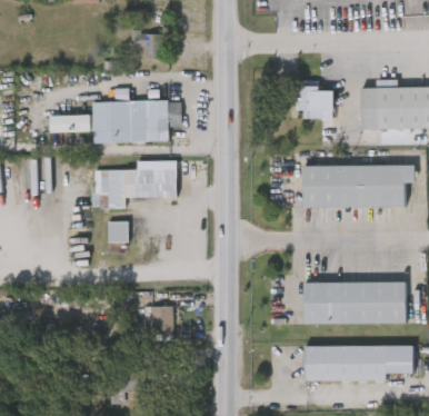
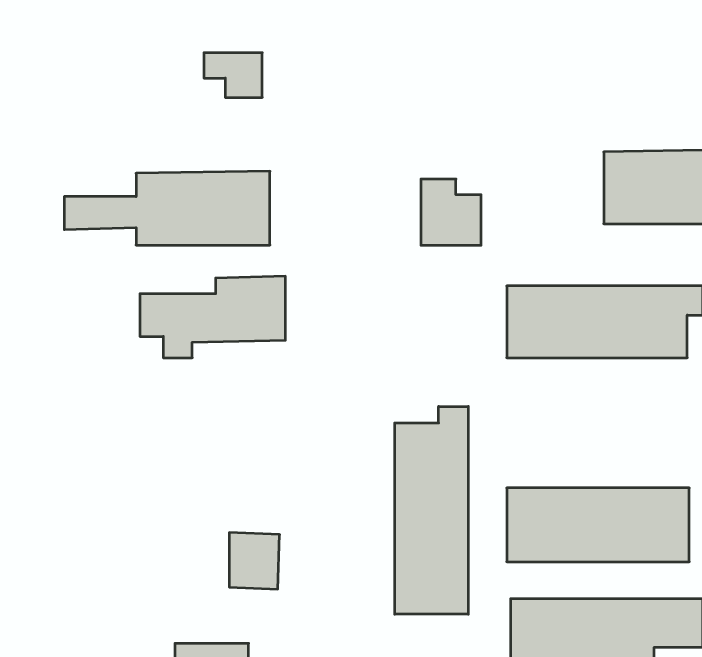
building: [297,82,331,120] -> [421,179,481,245]
building: [107,221,128,242] -> none
building: none -> [395,406,468,614]

